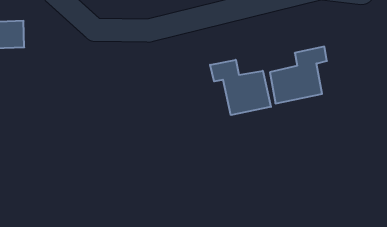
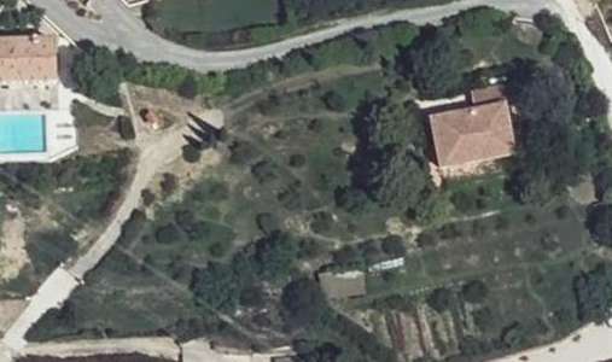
building: [210,60,271,115] -> none

